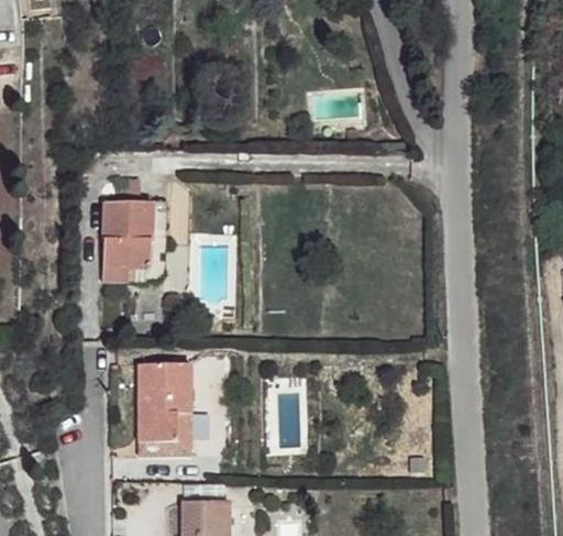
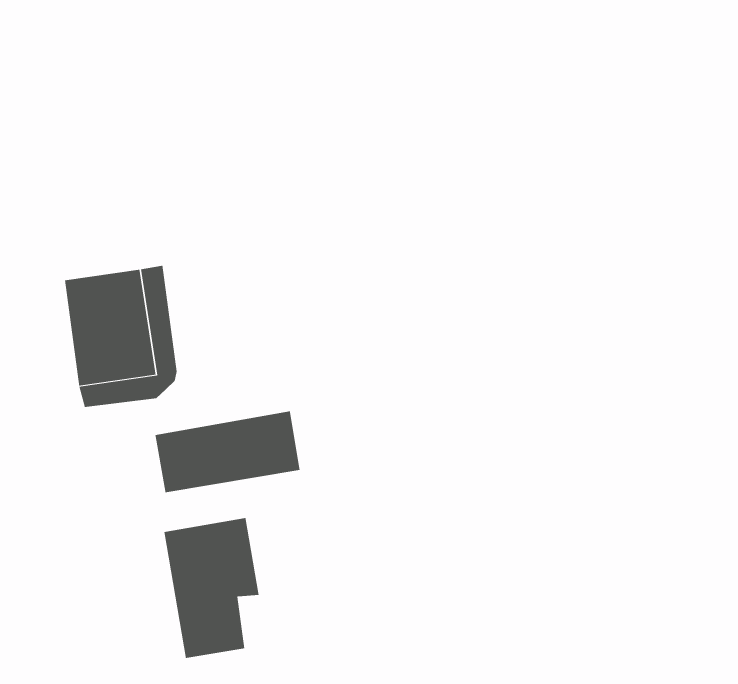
building: none -> [155,410,300,493]
building: [137,411,189,453] -> none

